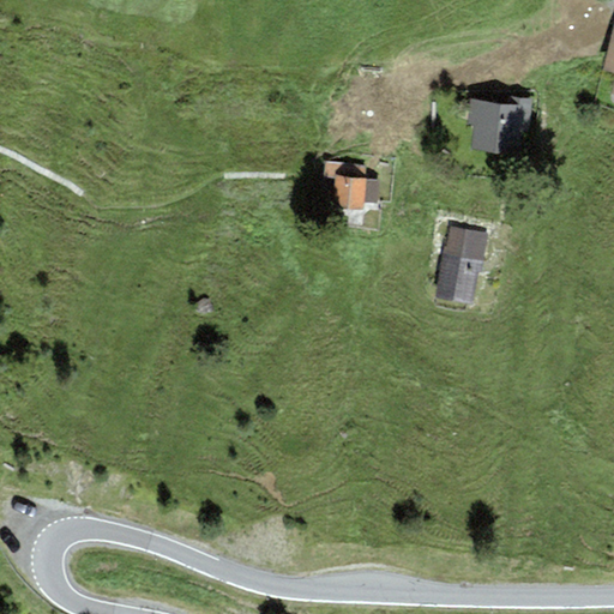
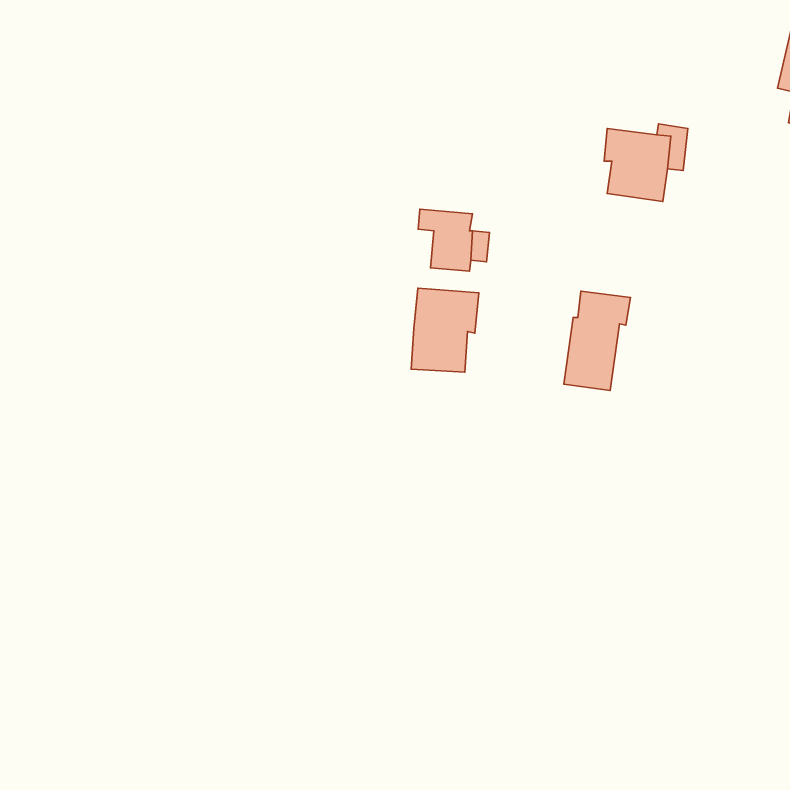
building: none -> [411,288,479,372]

